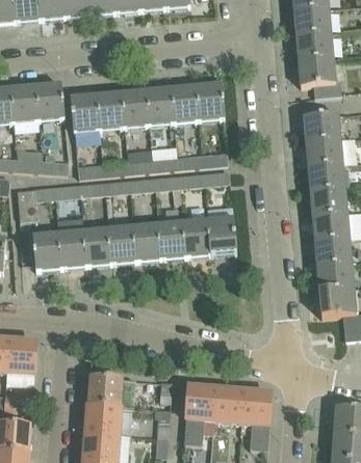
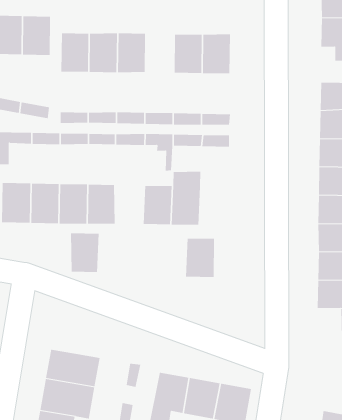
building: [146,87,174,124] -> none
building: [208,217,236,253] -> [185,238,215,277]
building: [132,223,160,260] -> [70,233,99,272]

